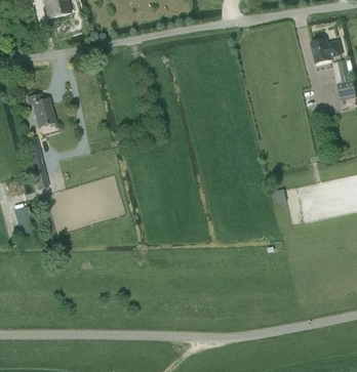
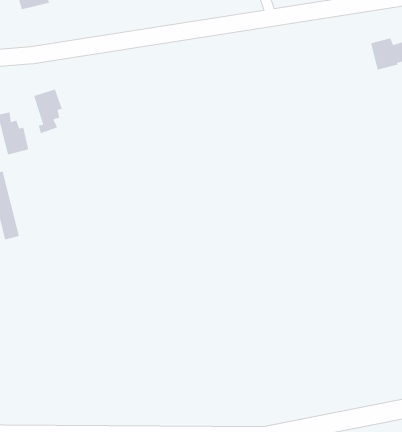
building: none -> [33,89,63,134]

